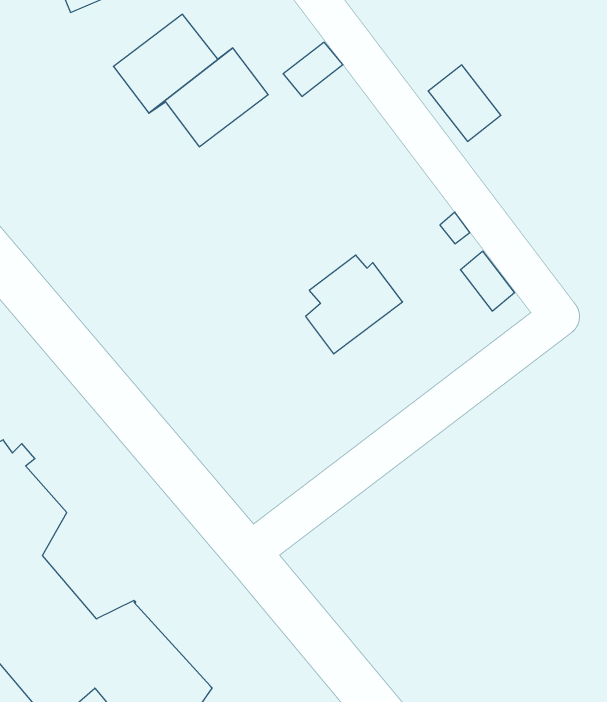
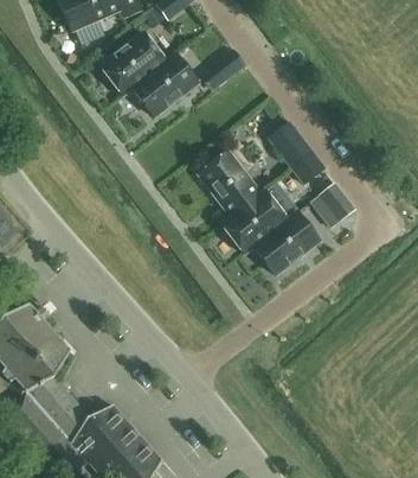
building: [428,65,501,141] -> [268,121,314,170]
building: none -> [198,151,253,208]
building: none -> [239,211,319,274]

